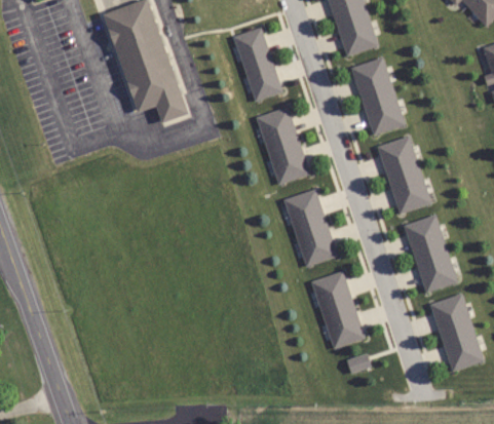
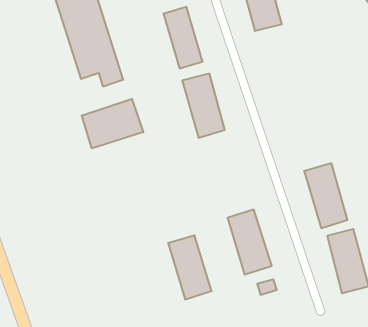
building: [352,57,403,136] -> none
building: [378,137,430,215] -> none
building: none -> [82,99,143,148]
building: [284,190,337,267] -> [168,235,212,299]

